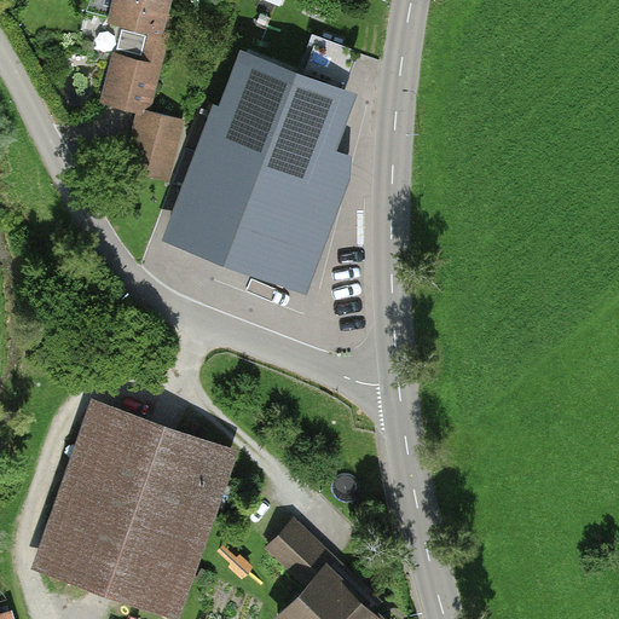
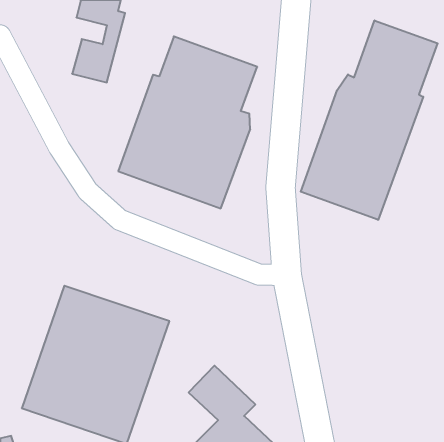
building: none -> [301,20,438,220]
building: [126,121,180,179] -> none

